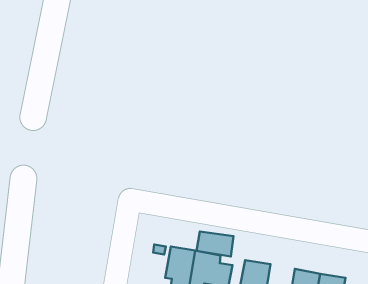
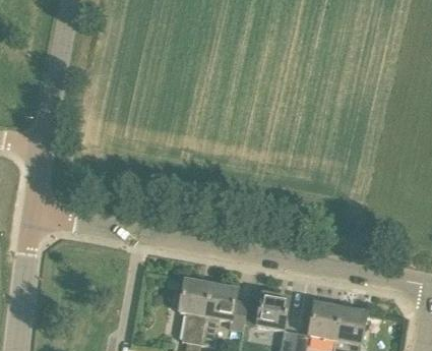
building: [197,231,233,256] -> none

